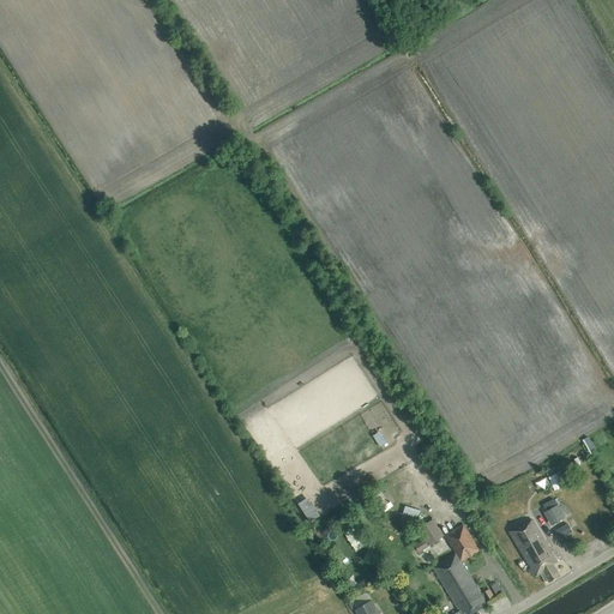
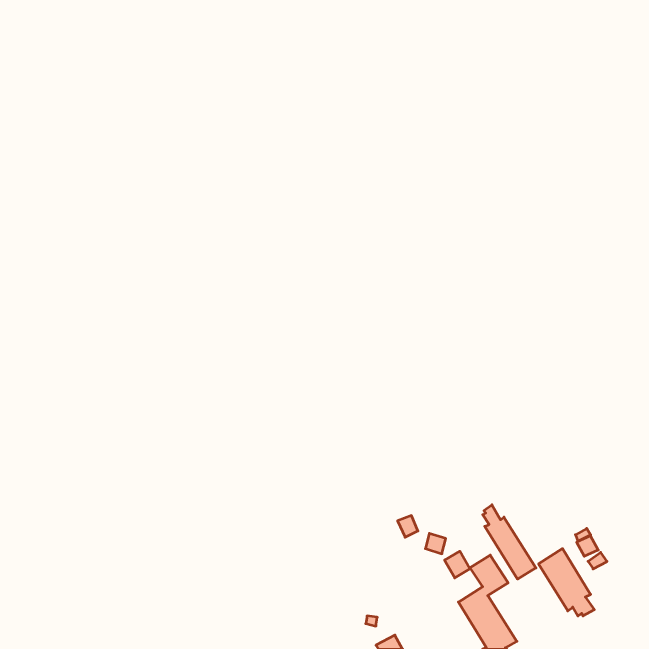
building: none -> [483,505,536,579]

